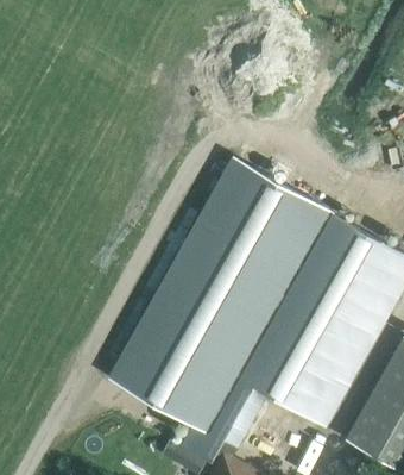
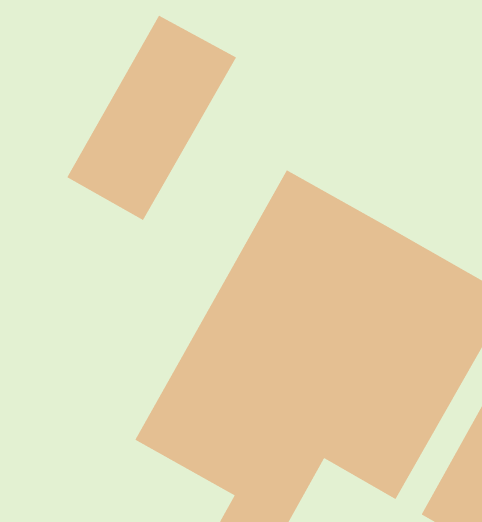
building: none -> [67,15,237,221]

